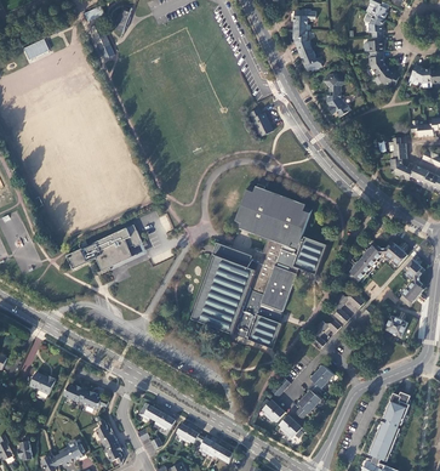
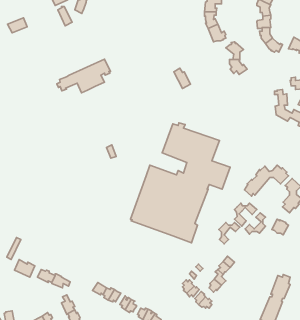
building: [68,225,142,271] -> [57,59,111,93]

